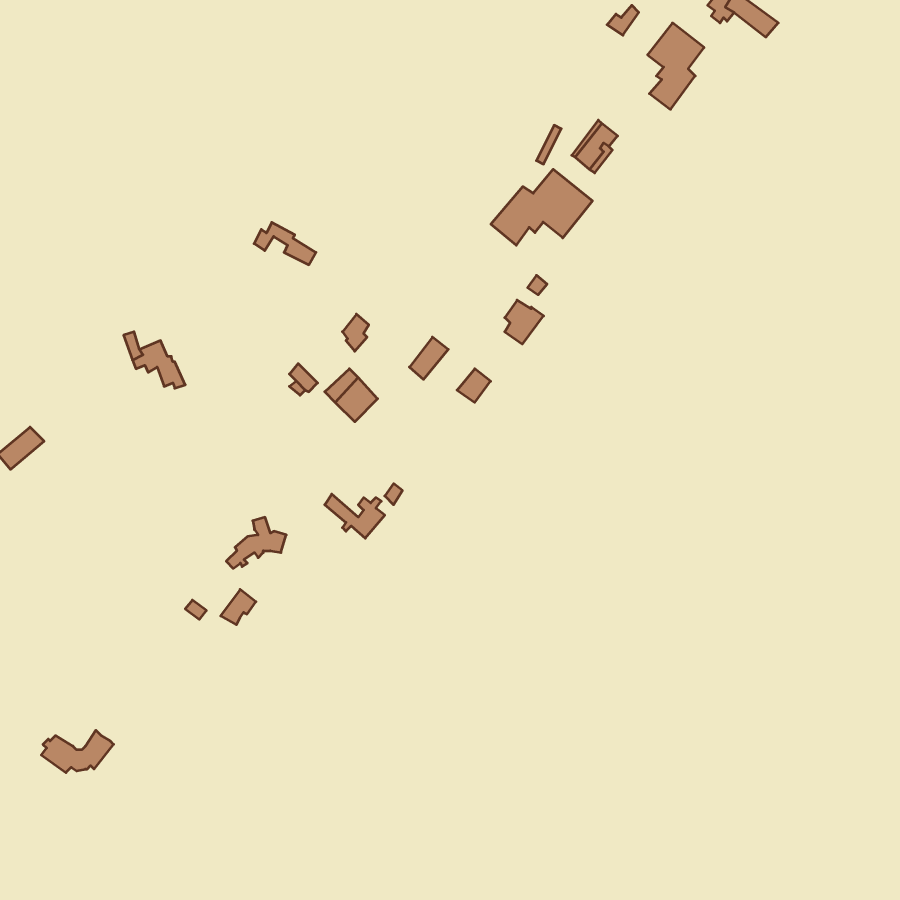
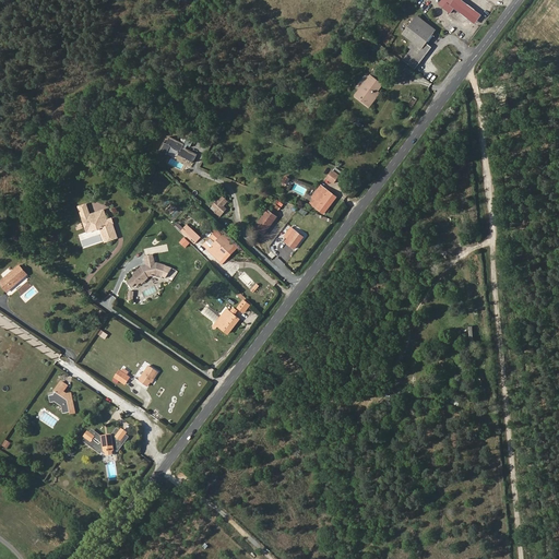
building: [491,169,592,245] -> none
building: [226,517,286,568] -> [126,254,163,286]
building: none -> [48,381,74,413]
building: [41,730,114,773] -> [83,427,128,453]

